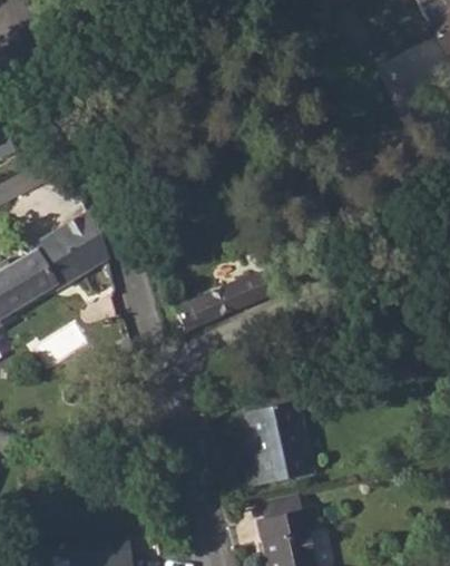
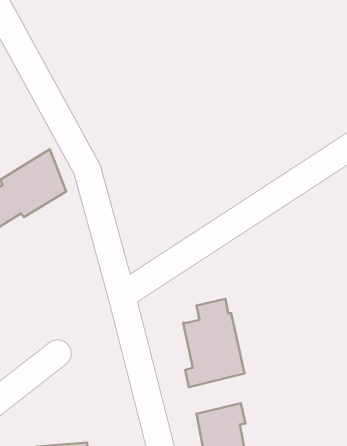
building: [174,273,265,331] -> none

